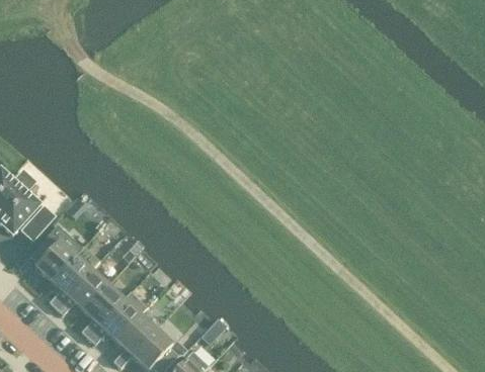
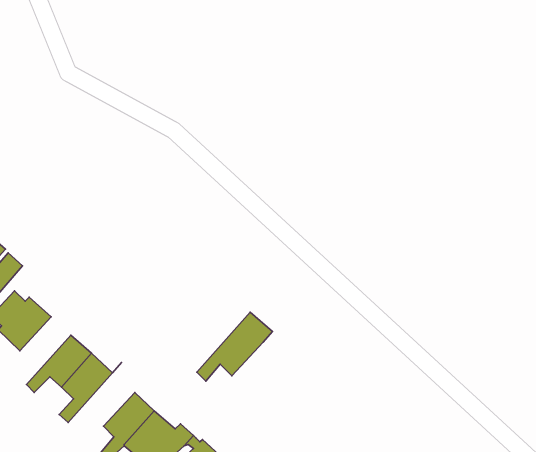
building: [51,256,92,308] -> none
building: [90,291,149,345] -> [197,312,272,381]

